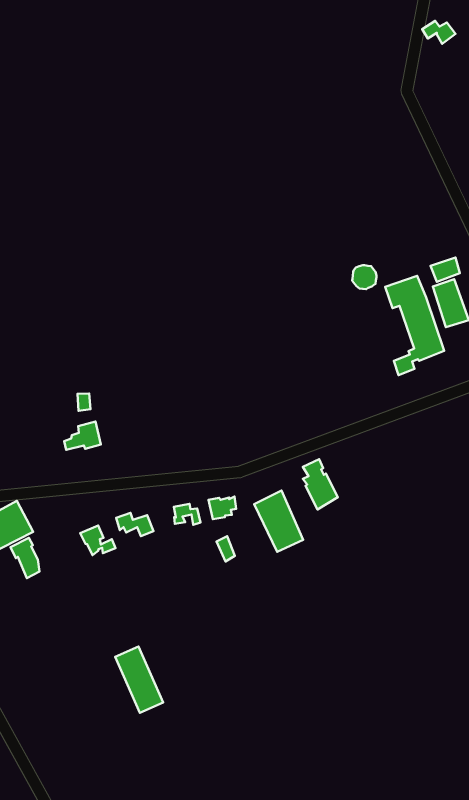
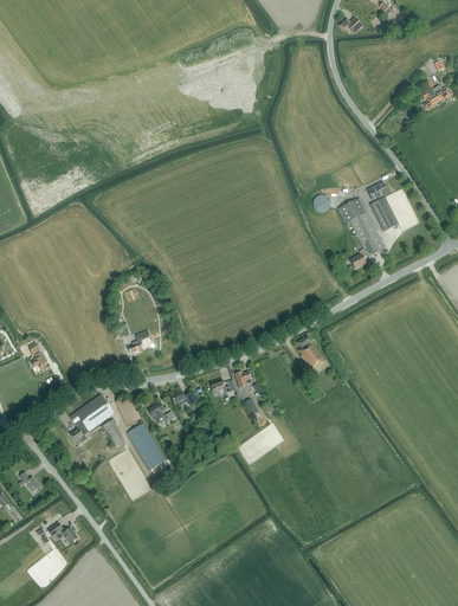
building: [254,491,303,552] -> none
building: [115,647,163,713] -> [127,423,165,469]

